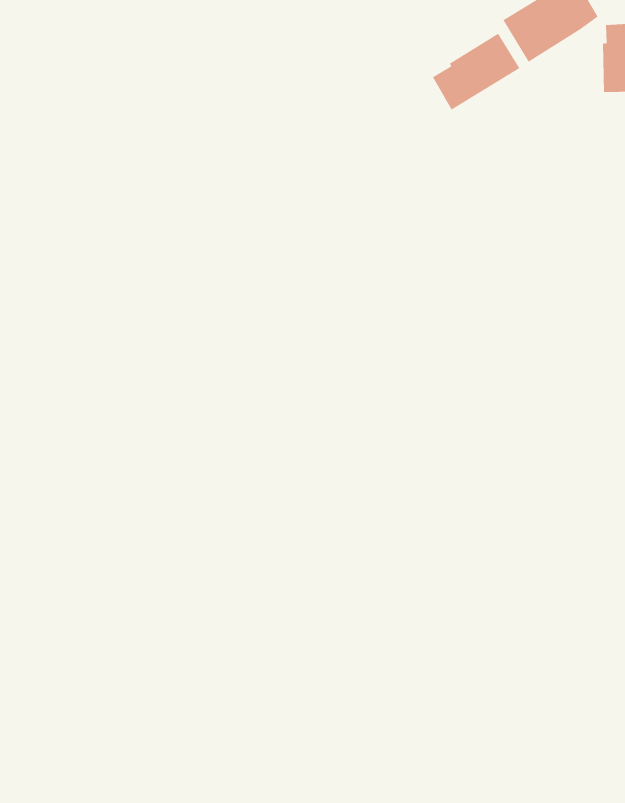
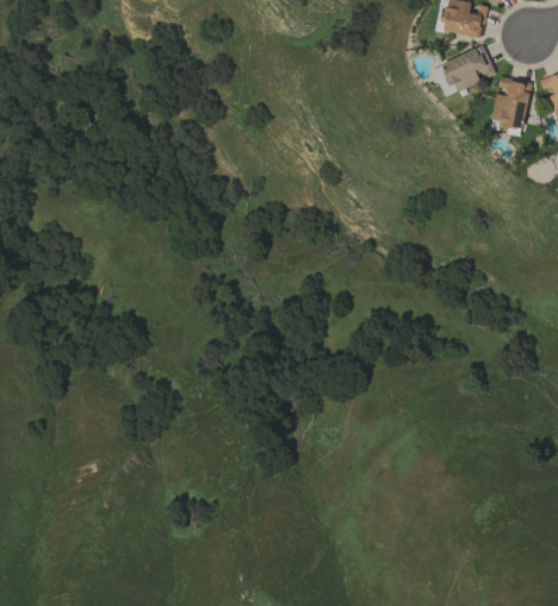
building: [432,33,520,111] -> none

